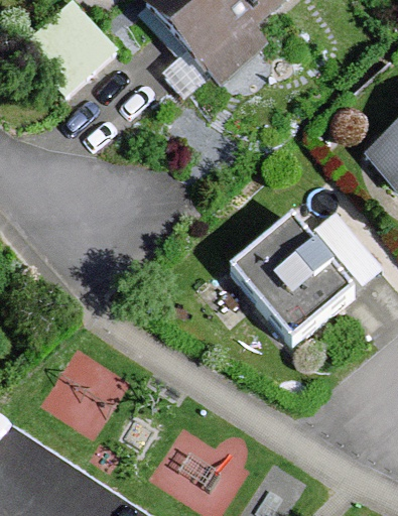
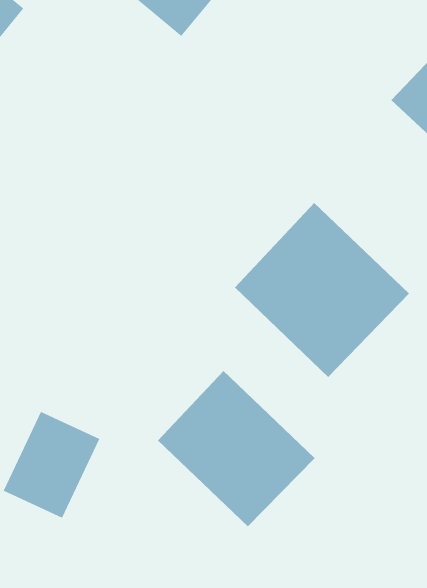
building: none -> [157,370,315,527]

